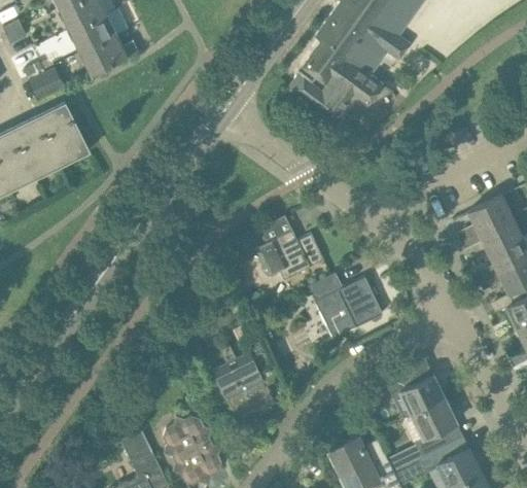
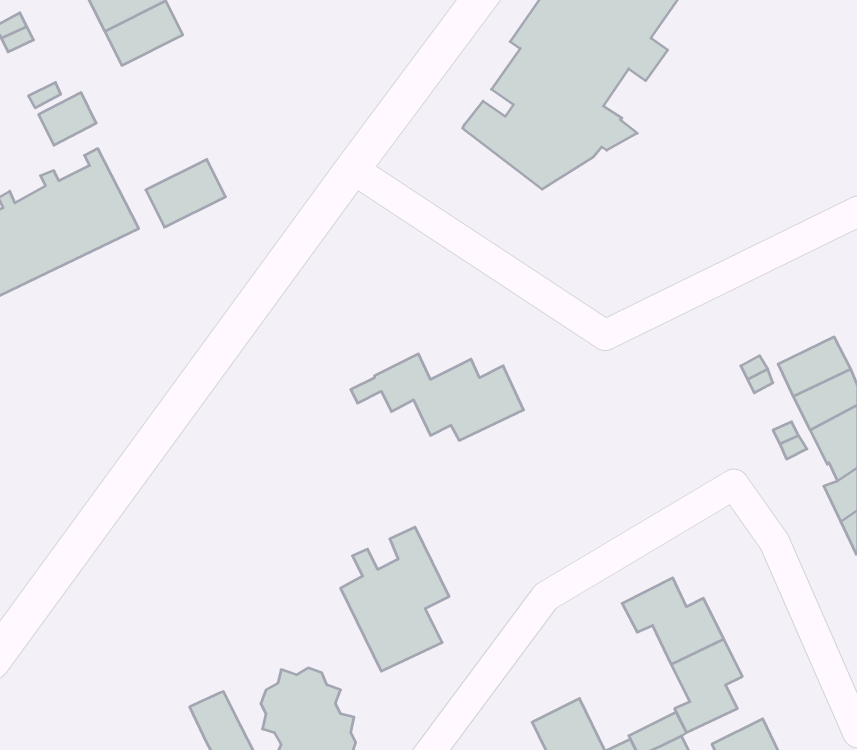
building: [79,33,128,74] -> [146,159,226,227]
building: [467,195,512,233] -> none
building: [308,273,382,338] -> none

